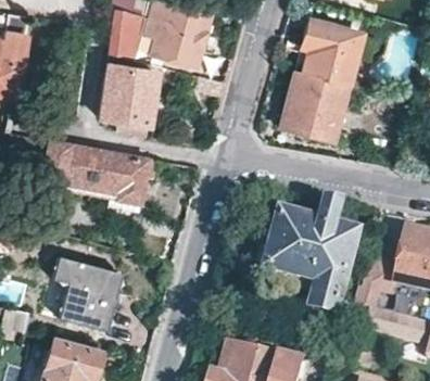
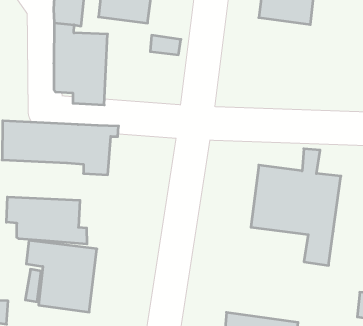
building: [280,72,350,143] -> none
building: none -> [6,197,87,244]

